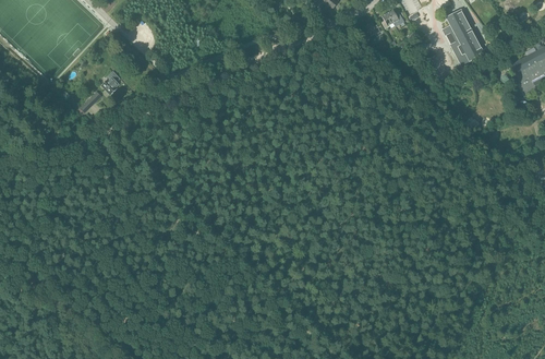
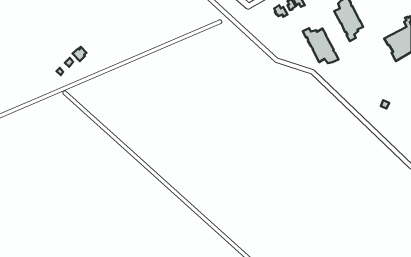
building: none -> [303,28,339,63]

